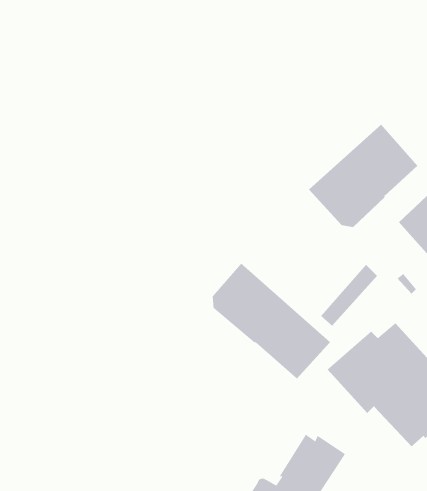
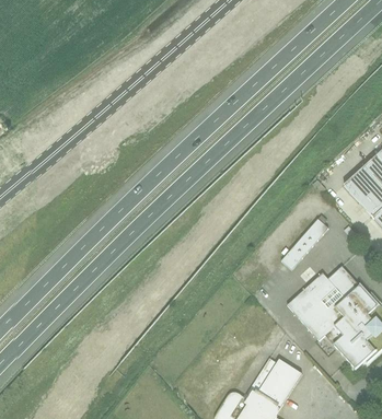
building: [308,124,418,228] -> none
building: [212,263,331,380] -> none

